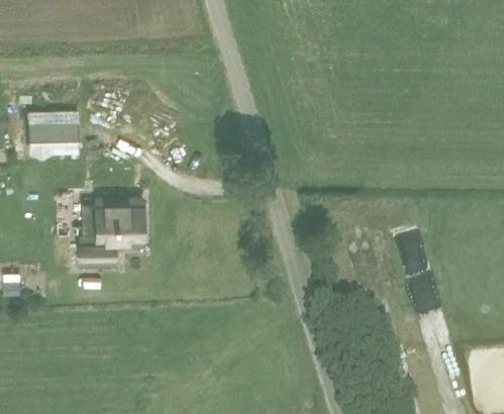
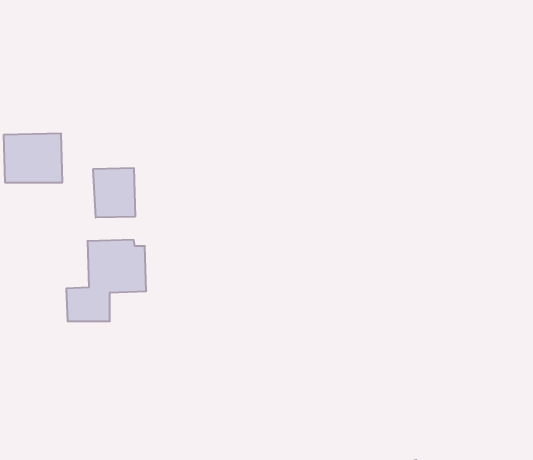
building: none -> [93,168,135,218]

